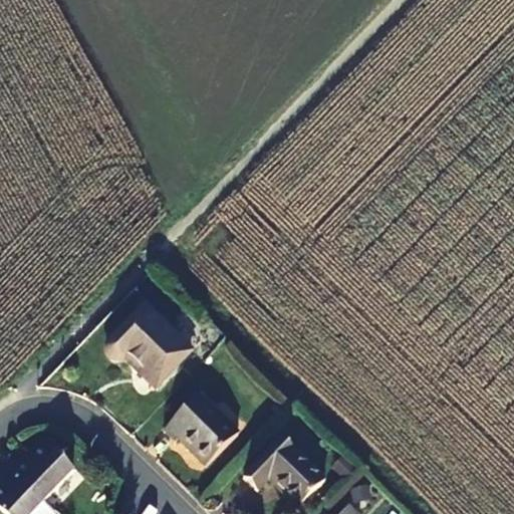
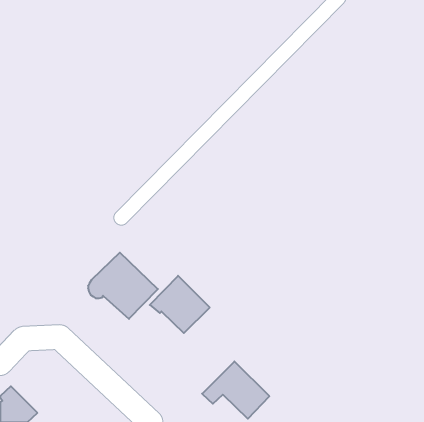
building: [166,395,238,464] -> [150,276,210,333]
building: [14,441,75,499] -> none

